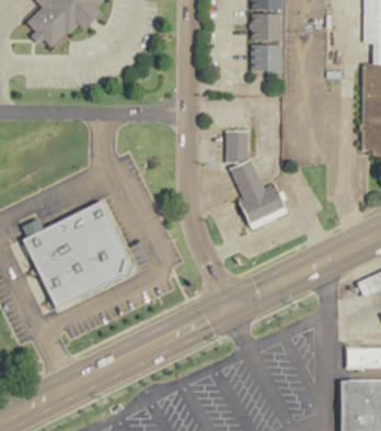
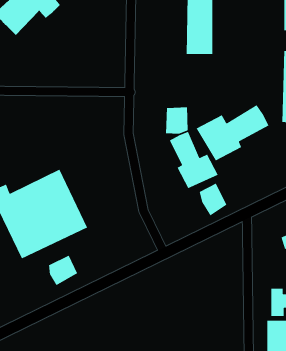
building: none -> [195,104,269,162]
building: none -> [199,182,227,216]
building: none -> [48,255,78,286]

